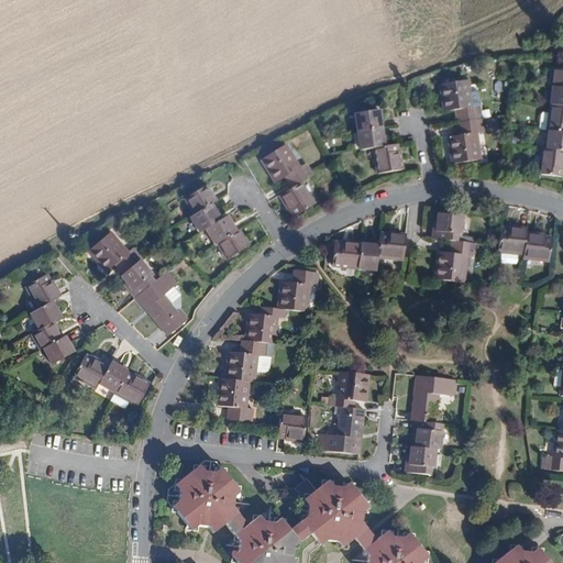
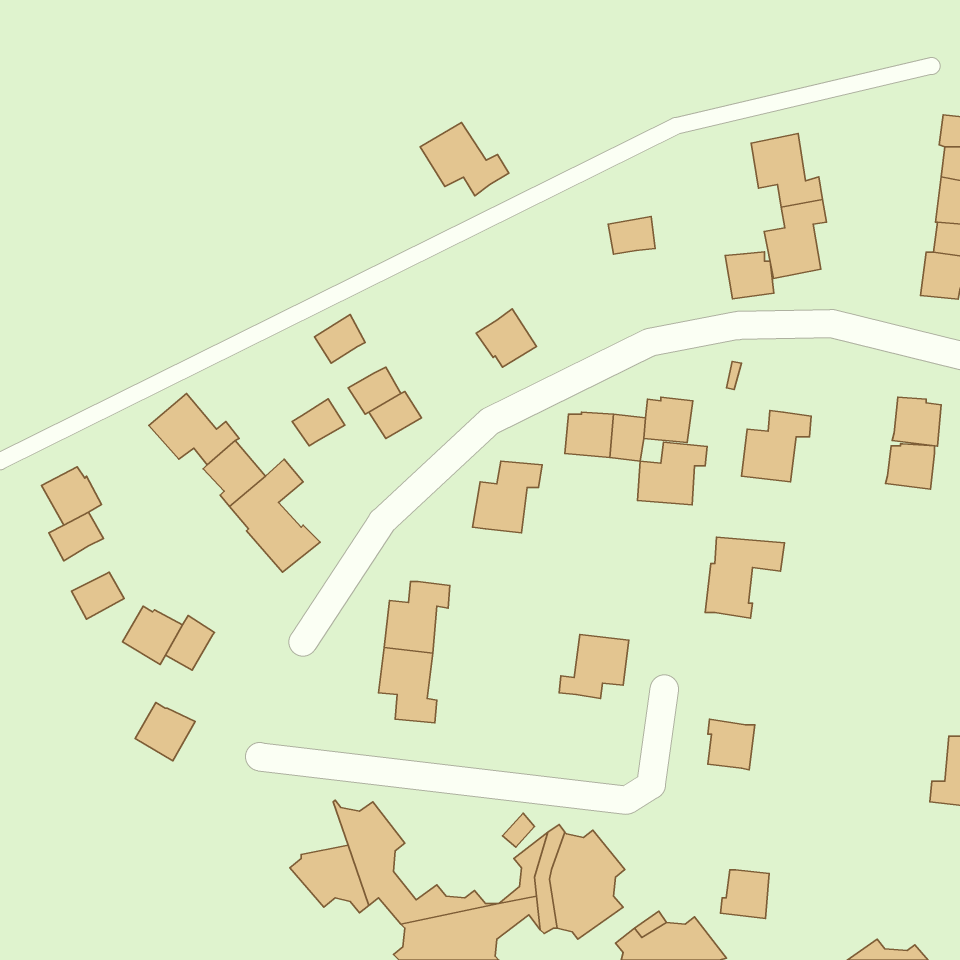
building: [354,109,382,131] -> none
building: [260,144,311,187] -> [420,122,509,196]
building: [373,144,401,172] -> [725,252,774,299]
building: [189,202,220,230] -> [292,399,345,446]
building: [433,212,462,241] -> none
building: [497,227,526,253] -> [885,444,934,489]
building: none -> [638,442,707,505]
building: [245,306,285,343] -> none
building: [32,319,63,347] -> none
building: [113,371,148,405] -> [135,703,195,761]
building: [410,376,456,423] -> [705,537,784,618]
building: [319,406,364,454] -> none
building: [277,412,305,441] -> none
building: [406,446,434,475] -> [720,870,769,919]
building: [174,468,205,499] -> none

